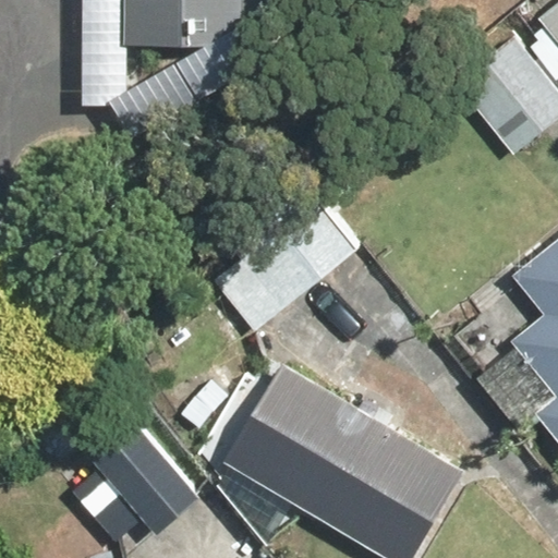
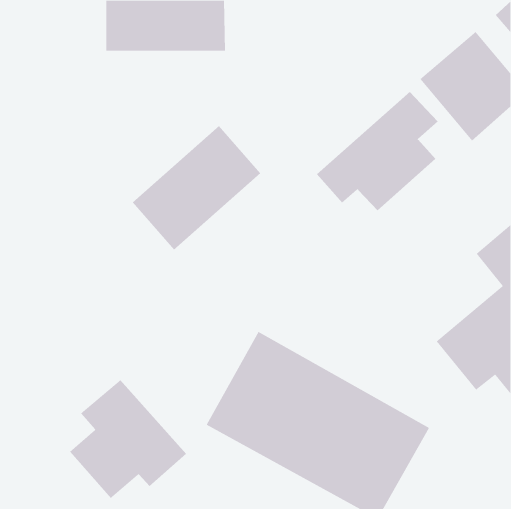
building: none -> [316,91,438,211]
building: [217,198,357,335] -> [132,125,261,251]

